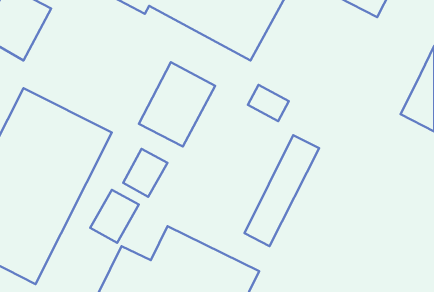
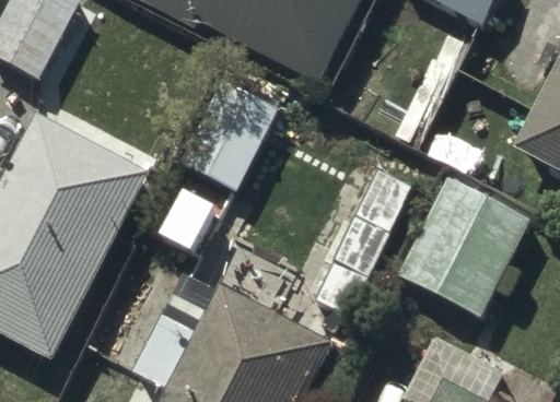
building: none -> [397,176,530,315]

